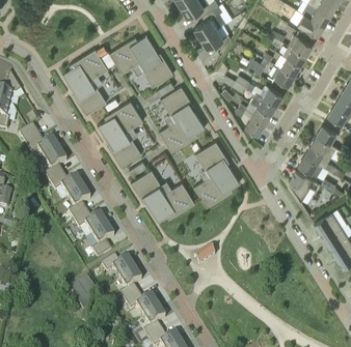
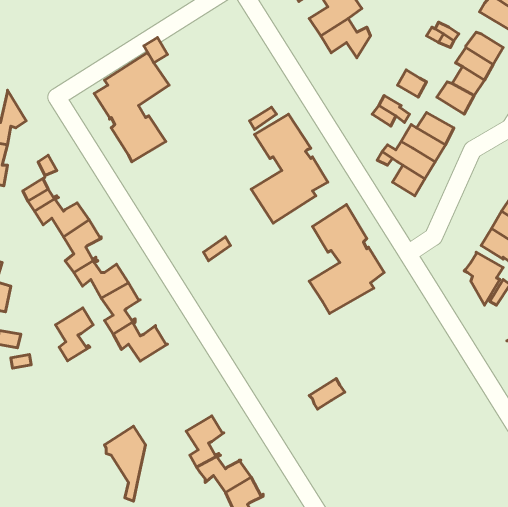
building: [109,32,173,85] -> none
building: [97,98,142,165] -> none
building: [130,168,194,220] -> none
building: [90,224,113,256] -> [56,308,93,361]
building: [101,253,134,277] -> none

